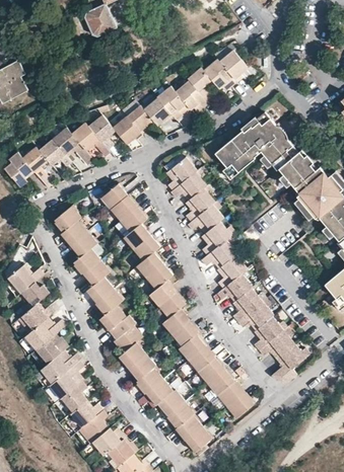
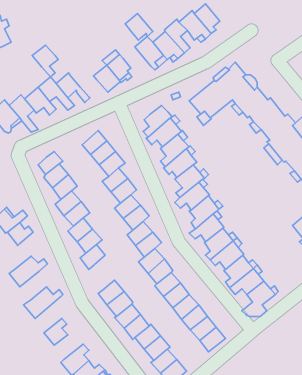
building: [145,97,175,126] -> [125,13,153,40]
building: [89,115,117,149] -> [32,45,58,77]
building: [21,304,54,330] -> none
building: [109,315,142,353] -> none
building: [36,333,69,364] -> none
building: [49,360,84,399] -> none
building: [71,400,102,426] -> none

